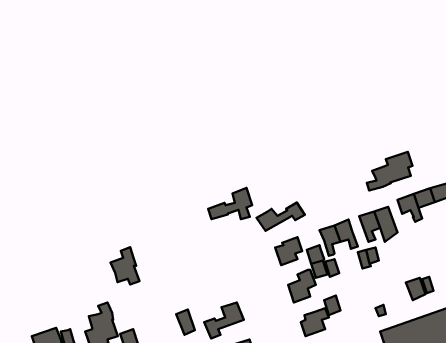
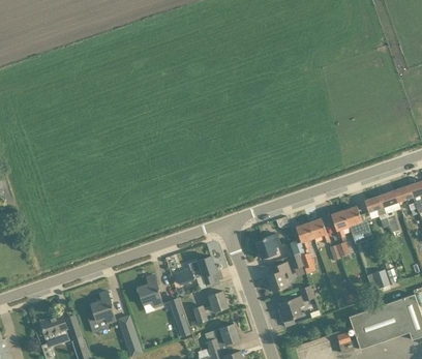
building: [367,152,413,190] -> none
building: [208,188,252,219] -> [177,257,216,285]
building: [256,202,305,231] -> none
building: [110,247,140,285] -> [138,275,163,308]

